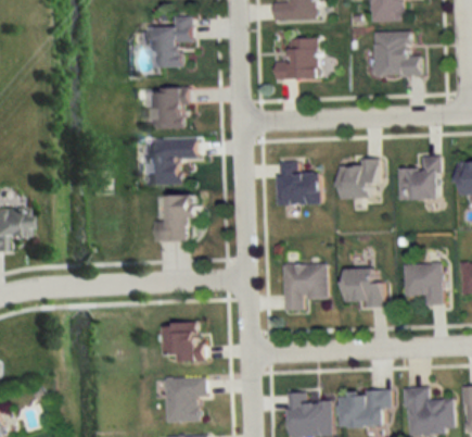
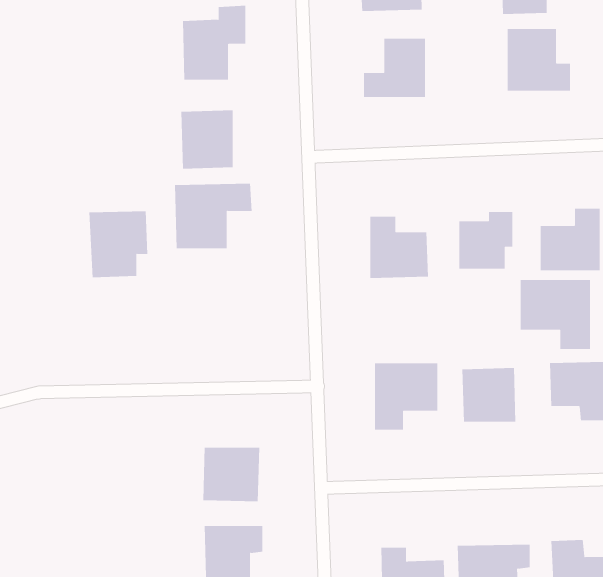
building: [153,196,194,242] -> [89,211,148,278]
building: none -> [520,279,590,350]

